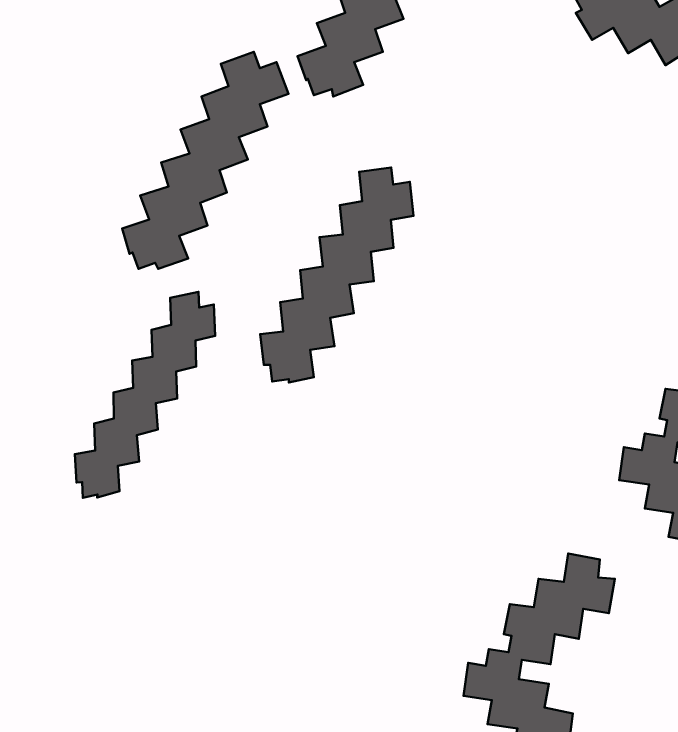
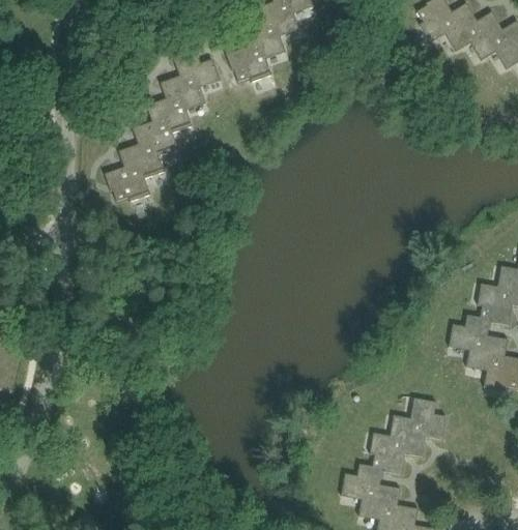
building: [260,168,413,382] -> none
building: [75,292,215,498] -> none

